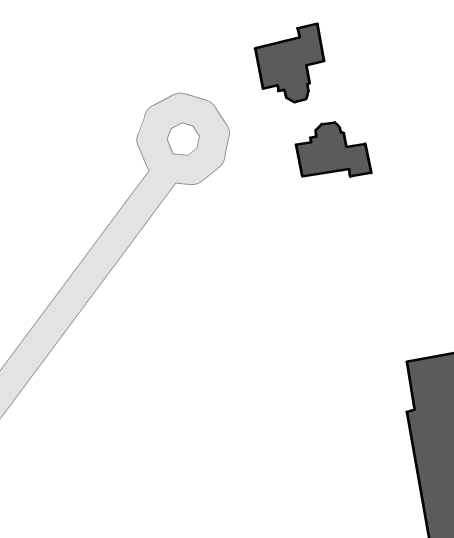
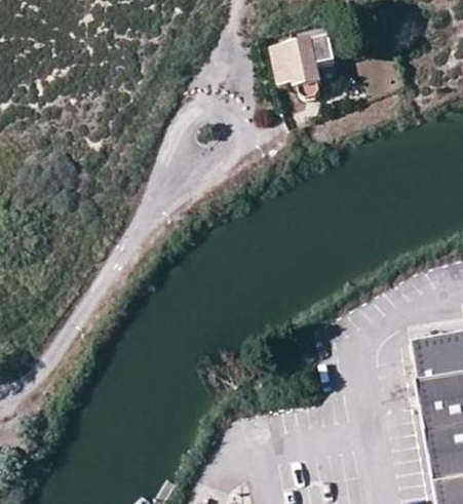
building: [296,122,371,177] -> none

